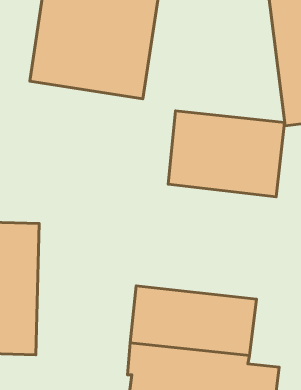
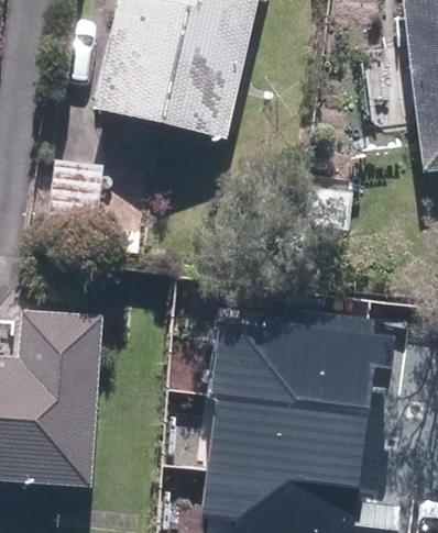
building: [168,111,285,197] -> none
building: none -> [220,300,402,411]

